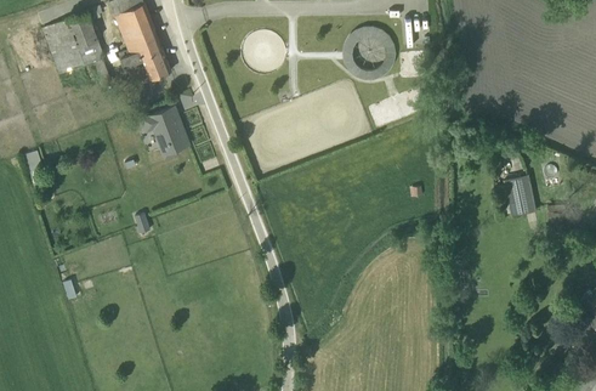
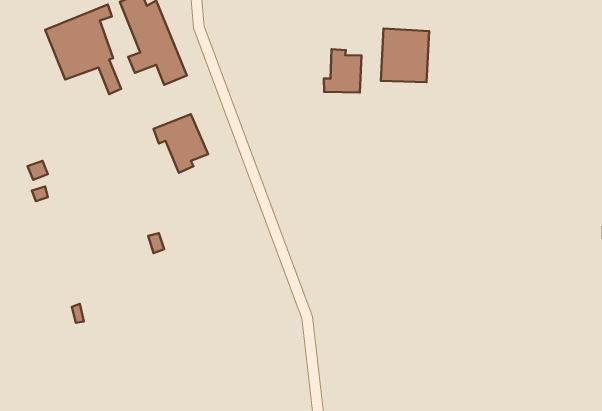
building: none -> [324,49,362,92]
building: [503,176,537,217] -> none

